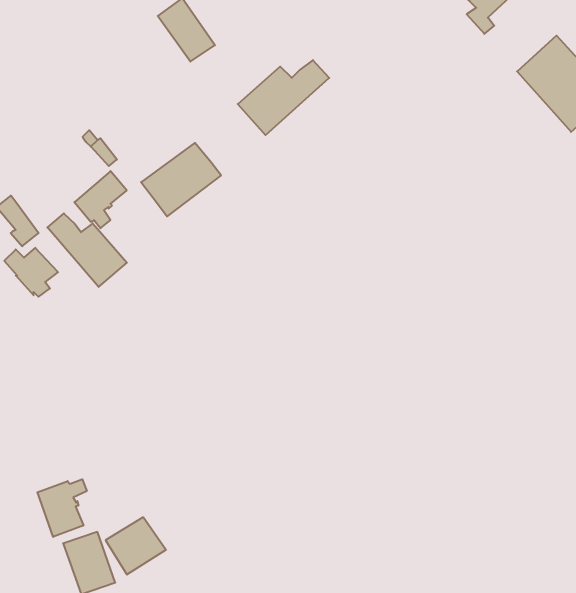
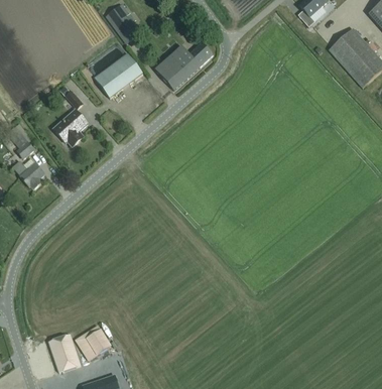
building: [141,143,221,216] -> [93,52,142,98]
building: [47,213,127,287] -> none
building: [37,479,87,537] -> none

